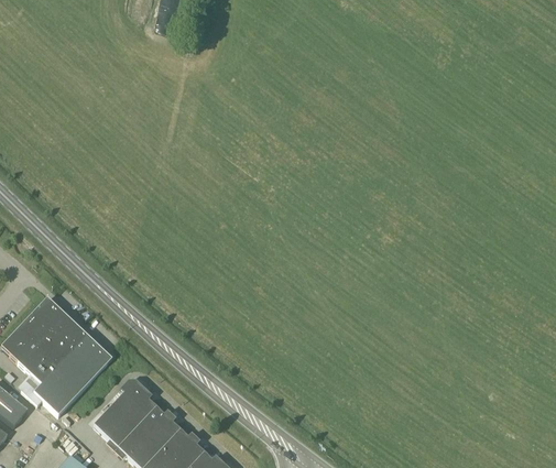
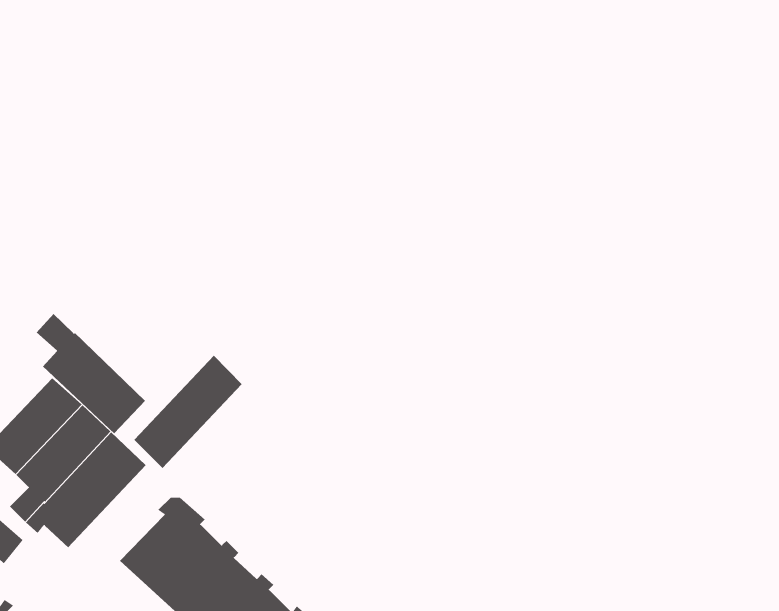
building: none -> [36,313,146,434]
building: none -> [134,355,243,469]

